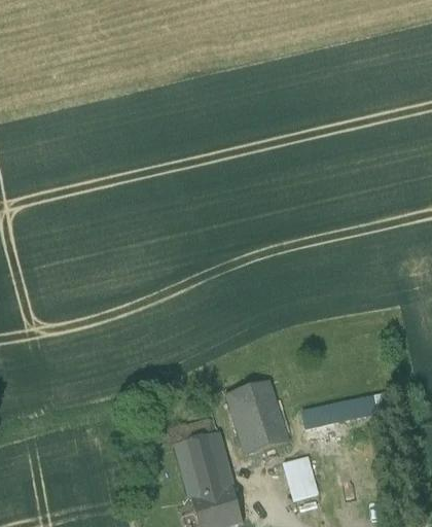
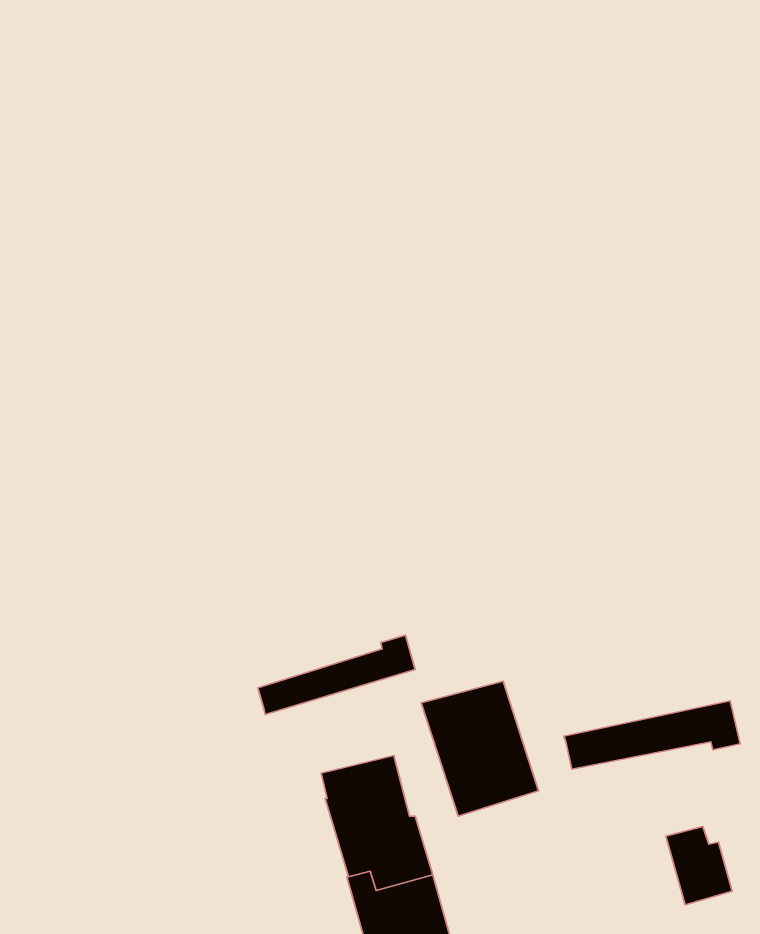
building: none -> [258,635,415,715]
building: [283,459,318,500] -> [666,826,732,905]

